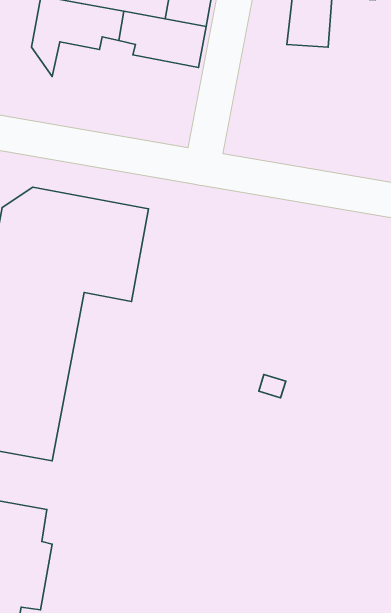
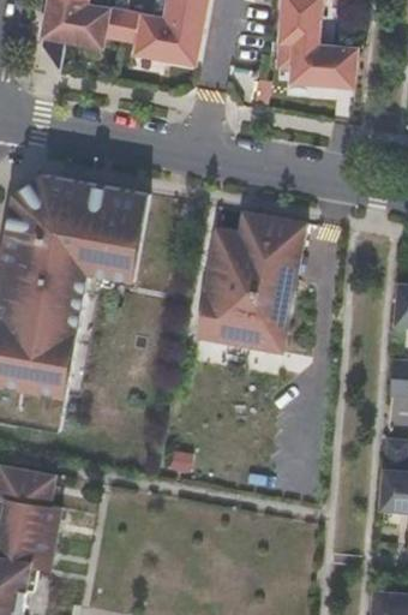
building: none -> [276,42,358,86]
building: none -> [196,211,306,352]

